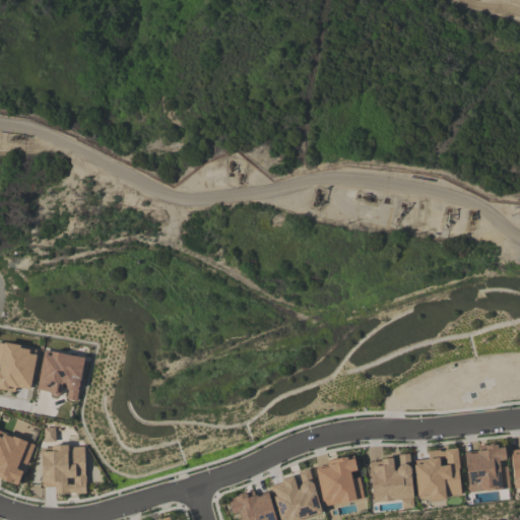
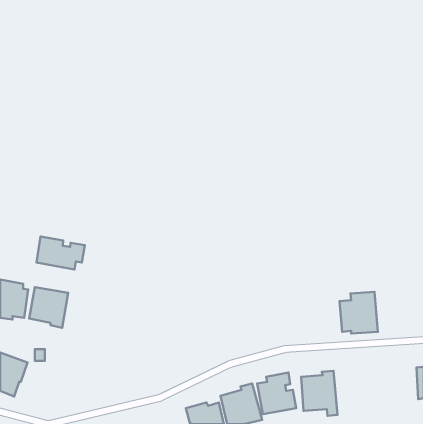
building: none -> [37,237,85,269]
building: [465,444,510,493] -> none
building: [42,446,85,494] -> none
building: [414,449,461,500] -> [340,292,378,333]

